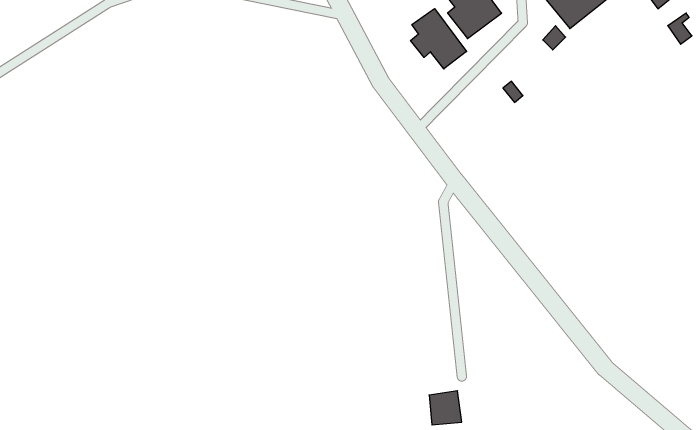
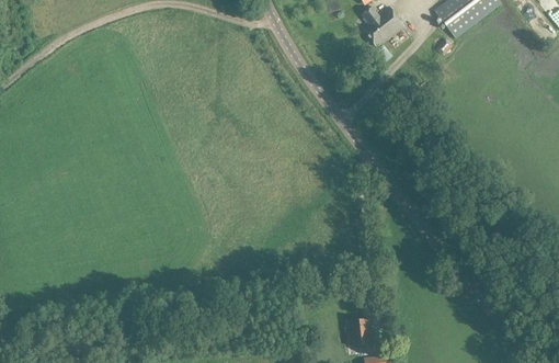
building: [411,9,467,69] -> none

